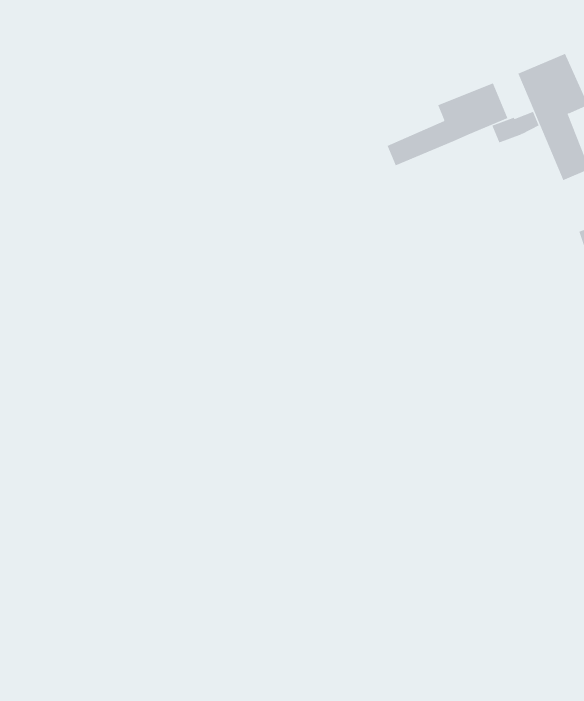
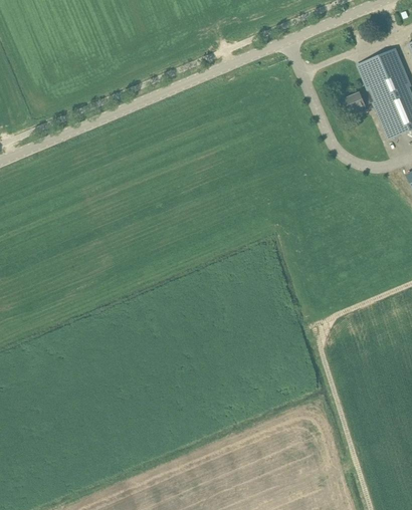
building: [387,82,508,166] -> none

